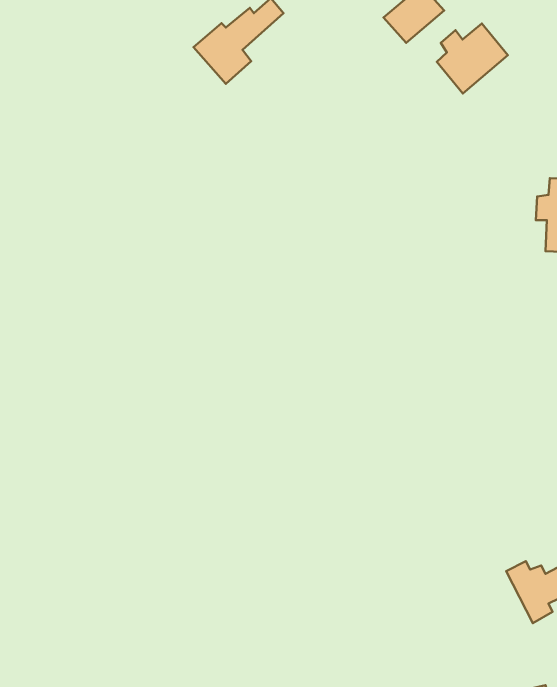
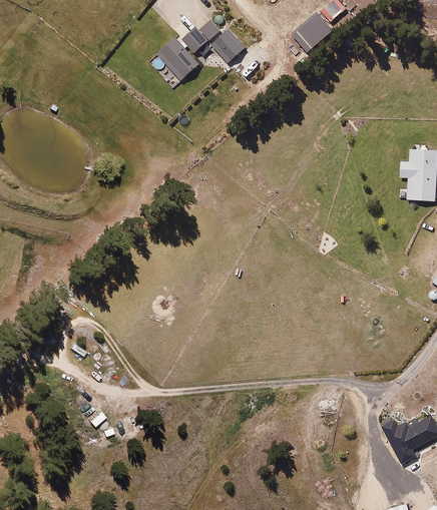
building: none -> [212,29,245,61]
building: [437,24,508,93] -> none

